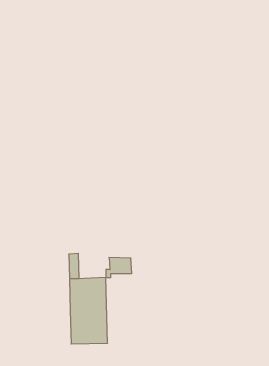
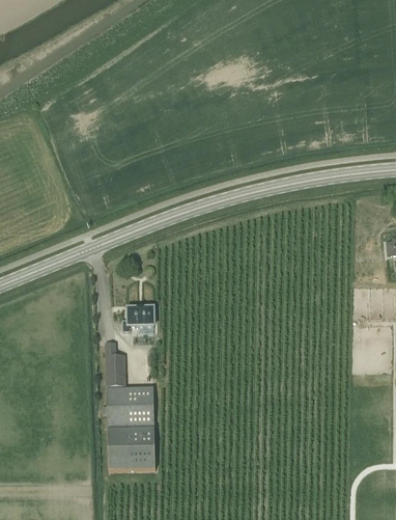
building: [106,257,132,278] -> [122,304,155,330]

